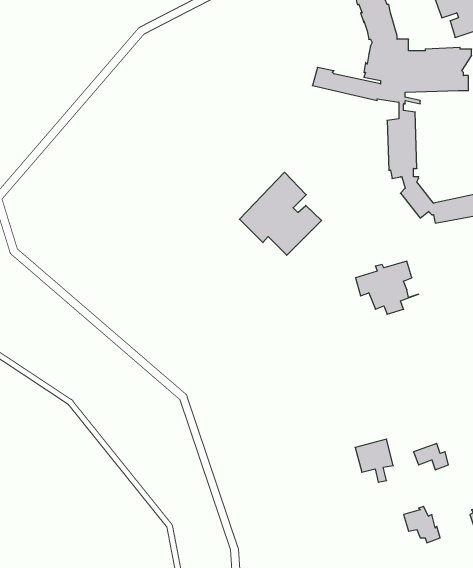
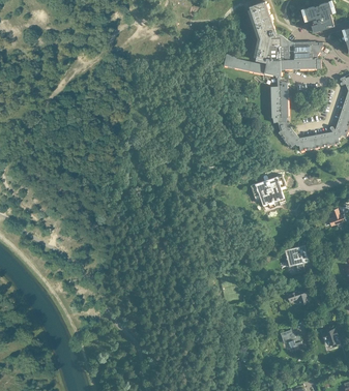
building: [239,172,322,255] -> none
building: [355,439,393,482] -> [284,245,308,272]

